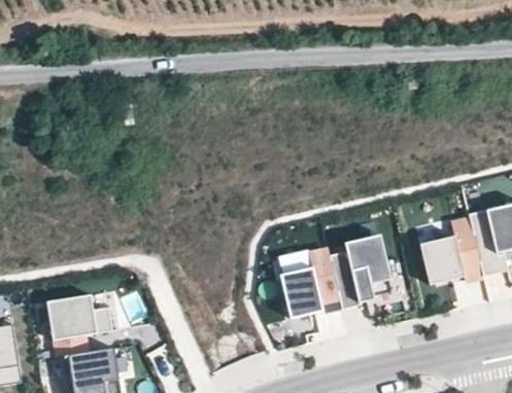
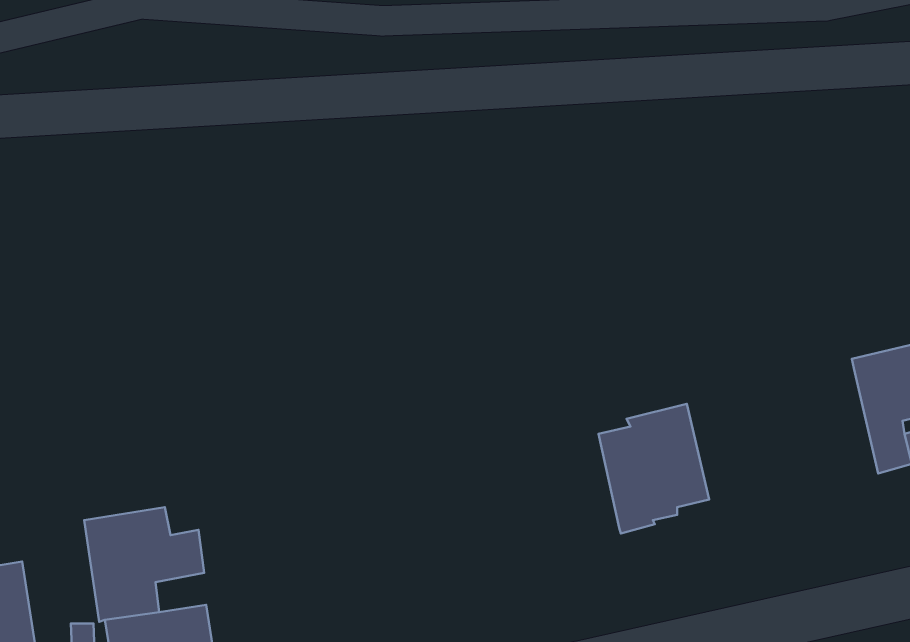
building: [419,218,482,283] -> none
building: [279,248,340,318] -> none

